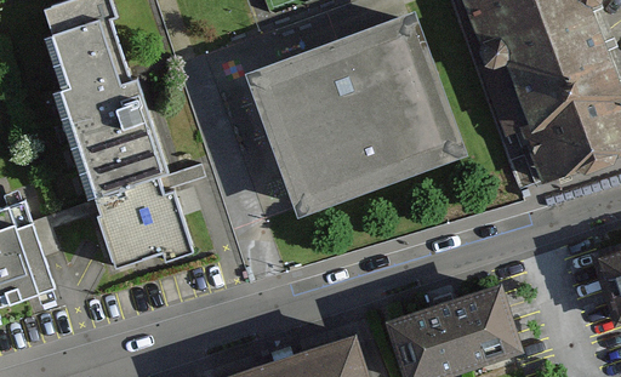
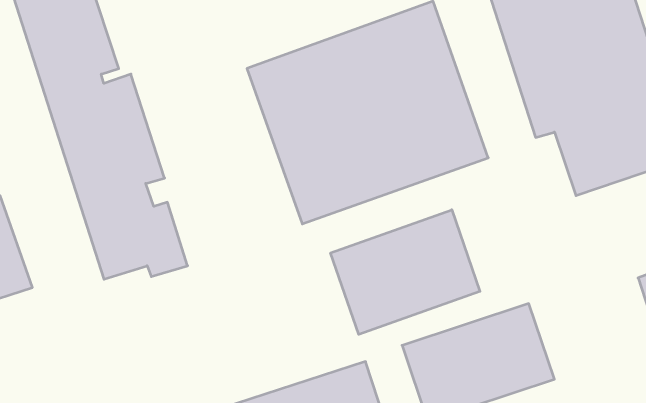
building: none -> [331,210,480,334]

